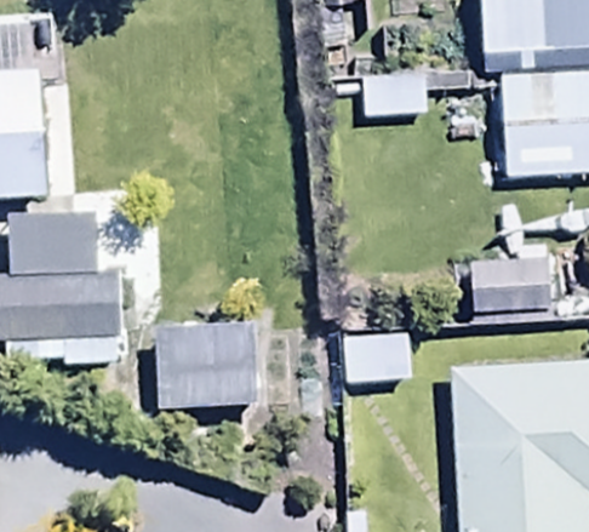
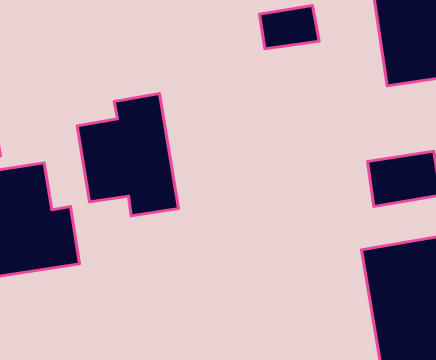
building: none -> [77,94,178,216]
building: [156,326,258,418] -> none

